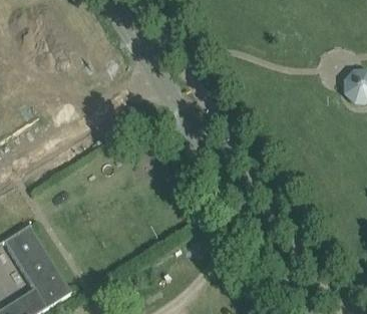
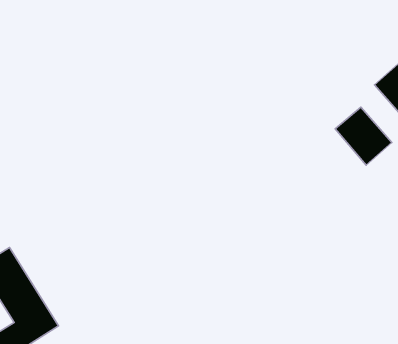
building: none -> [335,107,392,165]

